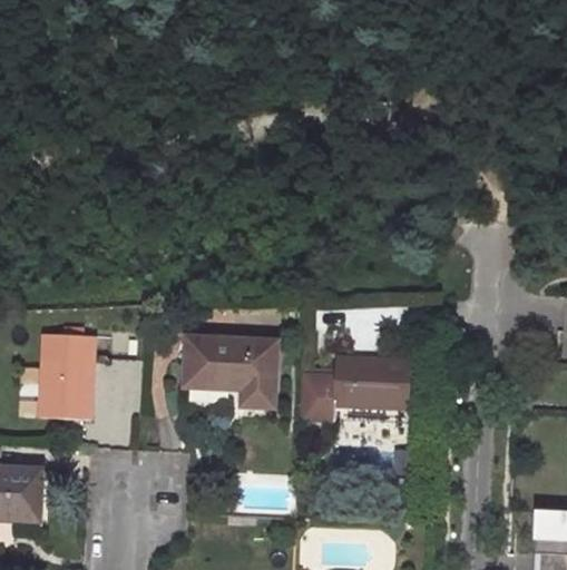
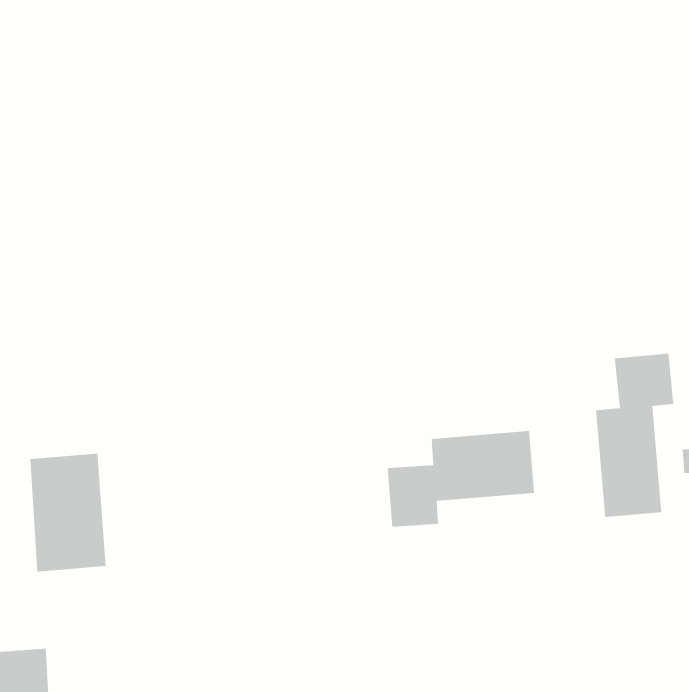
building: none -> [596,353,674,518]
building: [185,337,276,404] -> none

